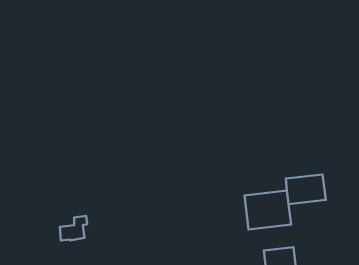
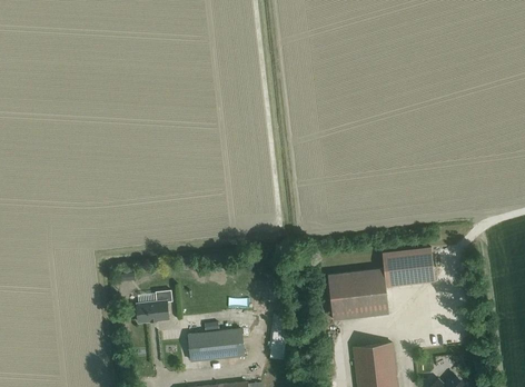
building: [60,216,87,240] -> [136,289,171,321]
building: none -> [187,328,244,360]

